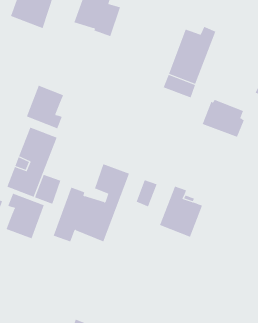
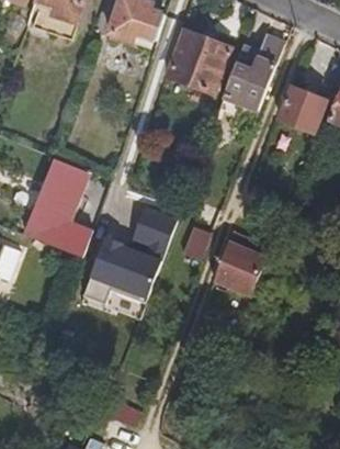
building: none -> [168,30,230,92]
building: [26,85,64,129] -> none
building: [202,99,245,138] -> [276,86,329,133]
building: [6,193,44,239] -> none

